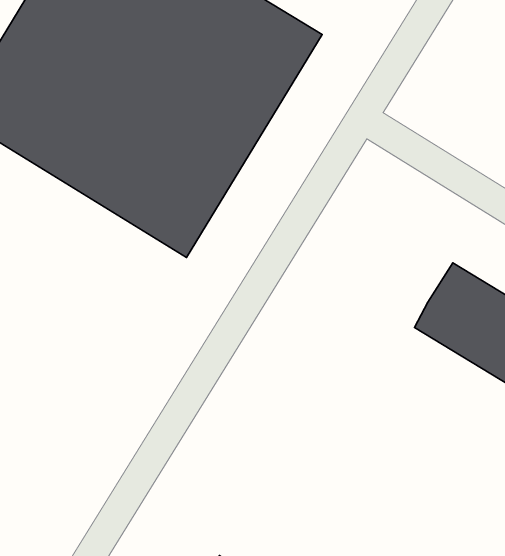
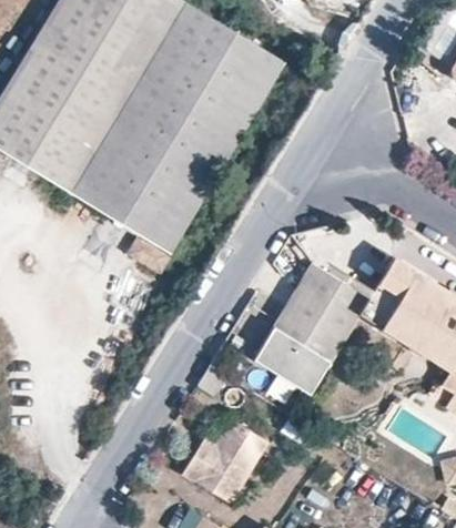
building: none -> [256,262,373,392]
building: none -> [185,419,270,495]

